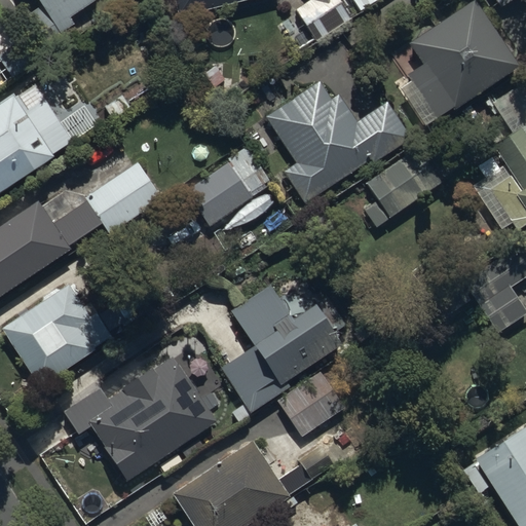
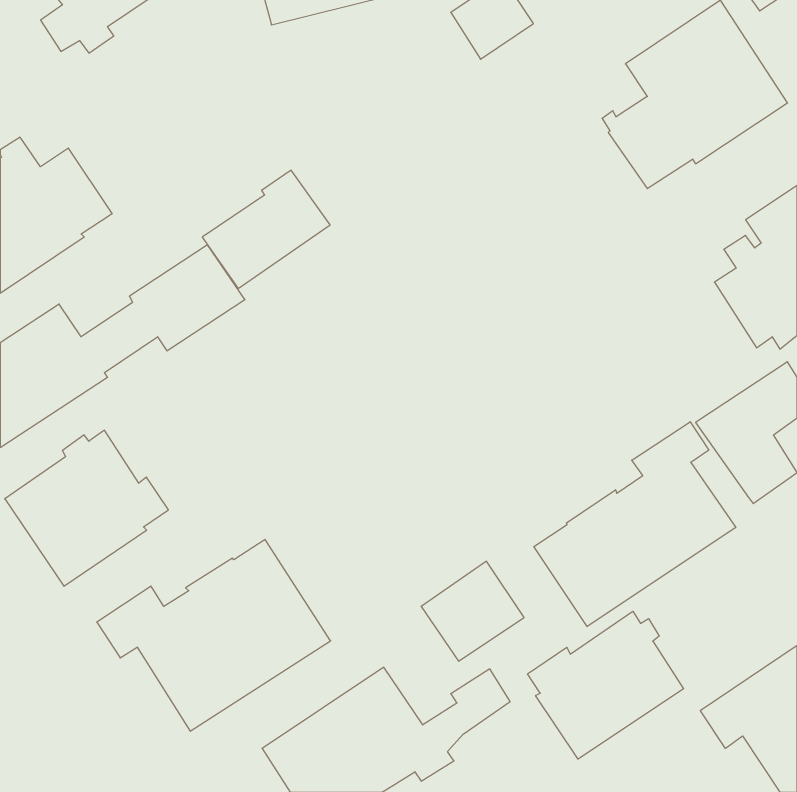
building: [267,80,411,203] -> none
building: [188,145,272,223] -> [202,170,330,289]
building: [352,145,442,227] -> none
building: none -> [534,422,736,627]
building: [222,285,347,413] -> none
building: none -> [528,611,684,759]

